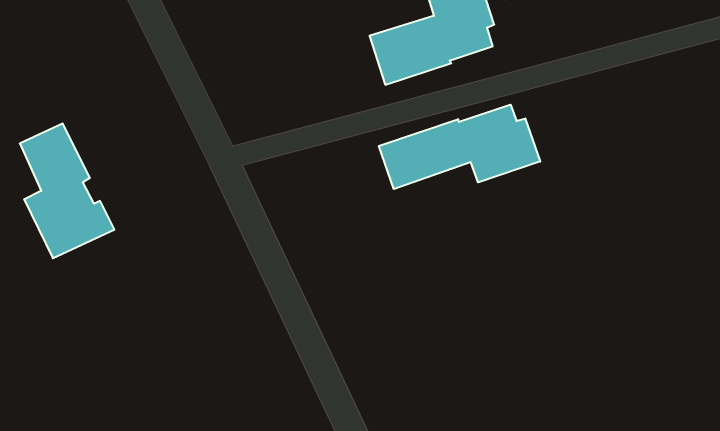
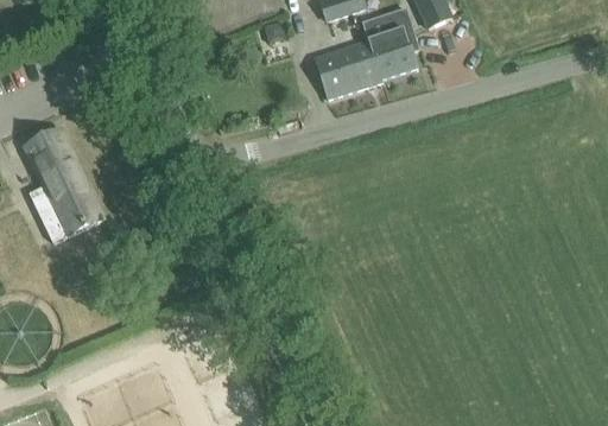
building: [379,105,540,189] -> none

